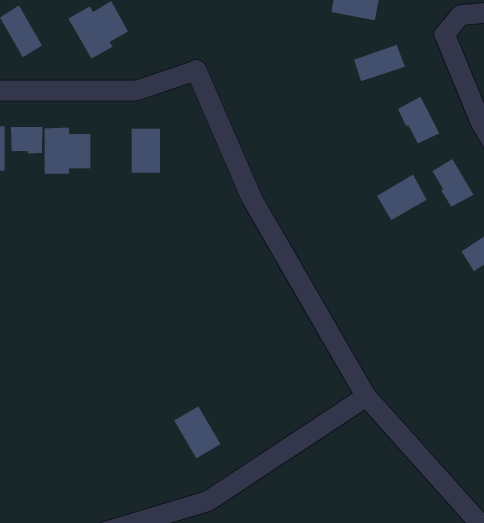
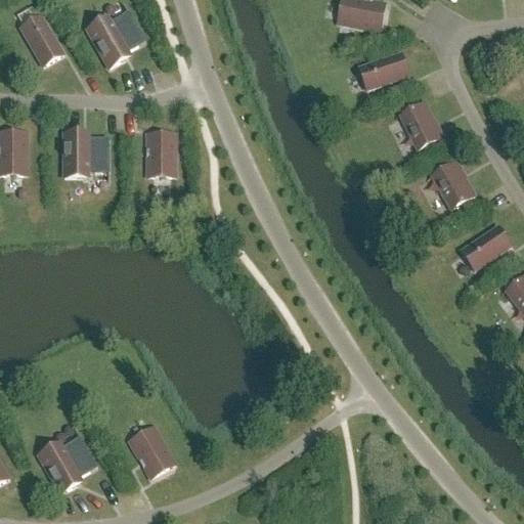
building: [11,126,43,154] -> none
building: [376,174,428,221] -> none
building: [173,406,222,459] -> [129,426,175,477]
building: none -> [38,436,96,492]

